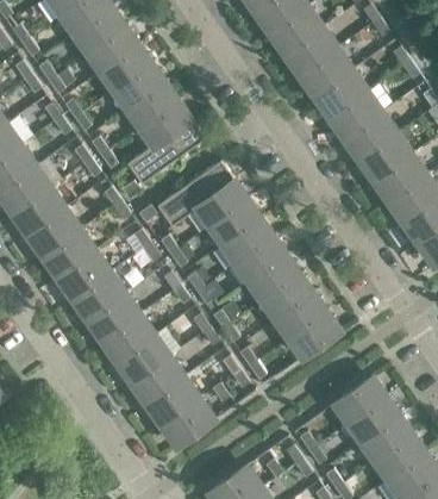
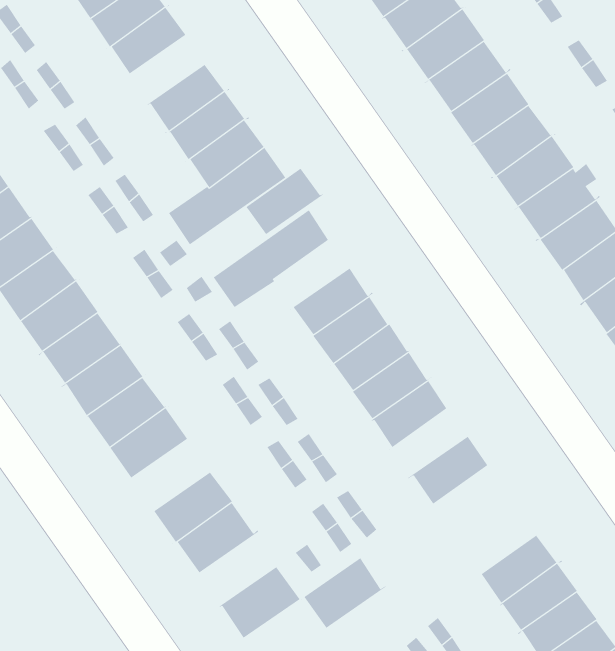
building: [99,43,155,92] -> none
building: [198,181,251,227] -> [245,168,326,238]
building: [274,291,330,339] -> none
building: [100,312,158,363] -> none
building: [145,375,202,426] -> [300,555,386,631]

